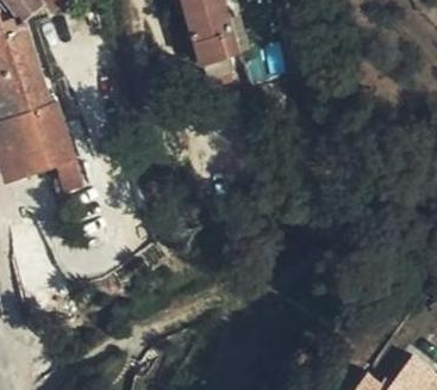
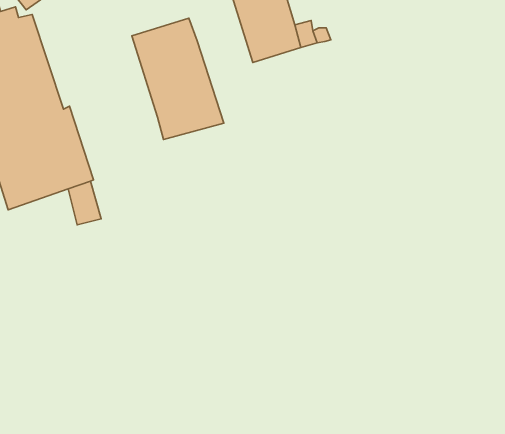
building: none -> [132,18,224,140]

